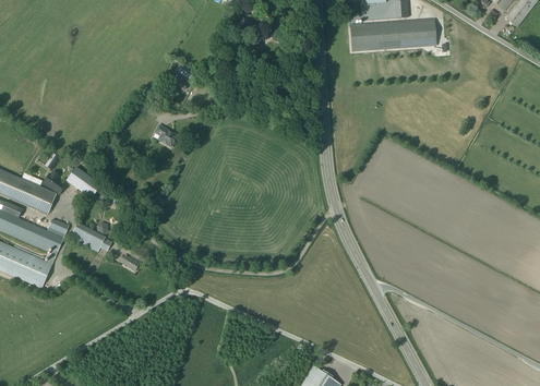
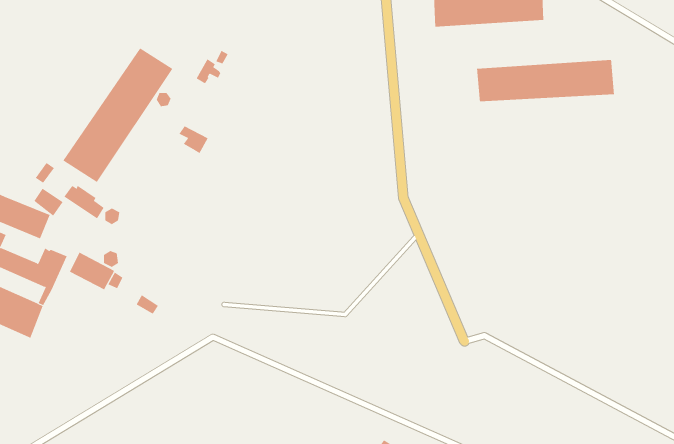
building: none -> [62,47,173,183]
building: none -> [476,59,615,102]

